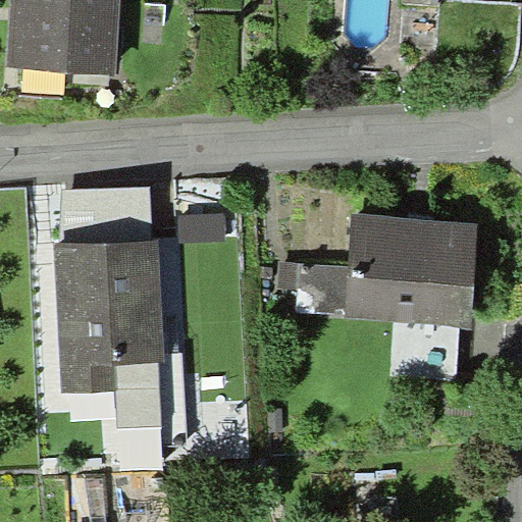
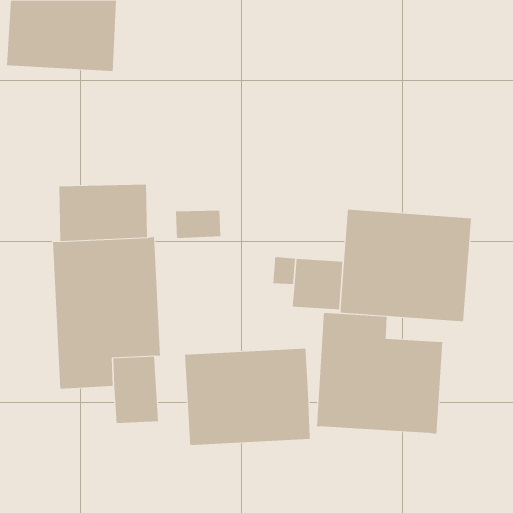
building: none -> [317,312,443,434]
building: none -> [185,348,310,446]

